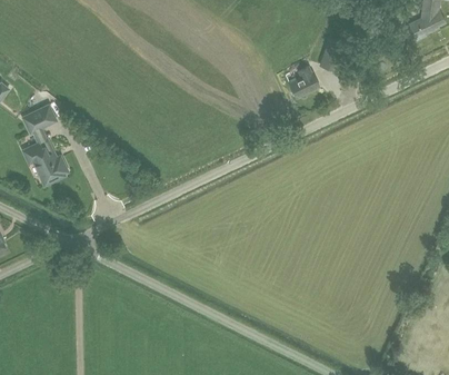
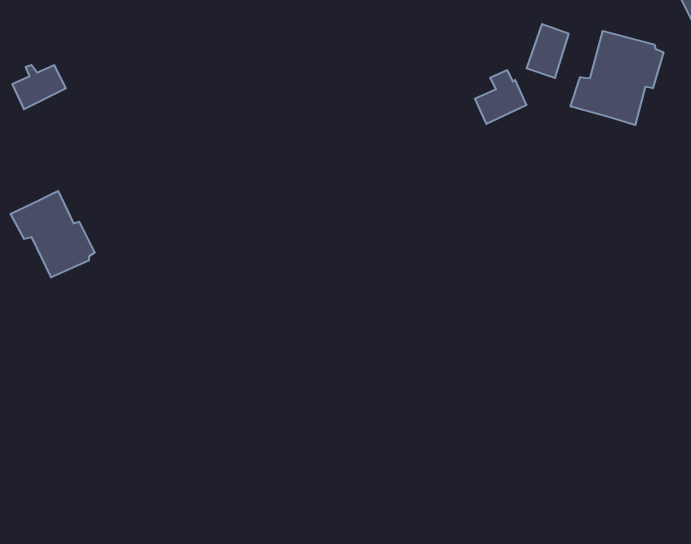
building: none -> [570,31,663,125]
building: [24,106,56,131] -> [12,65,66,109]

